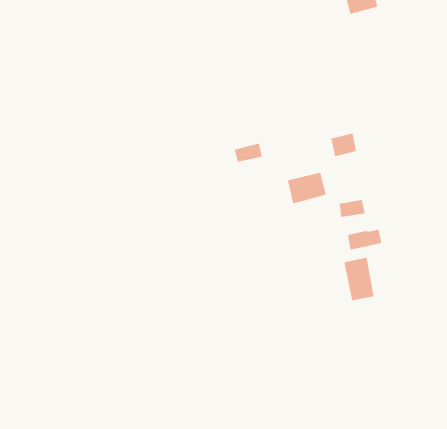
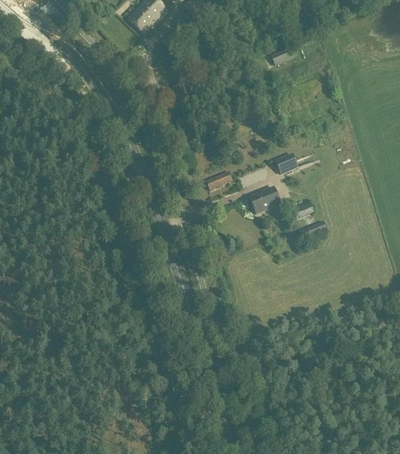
building: [344,257,374,301] -> none

